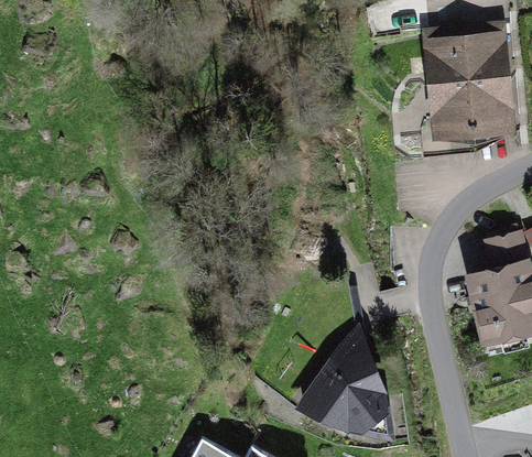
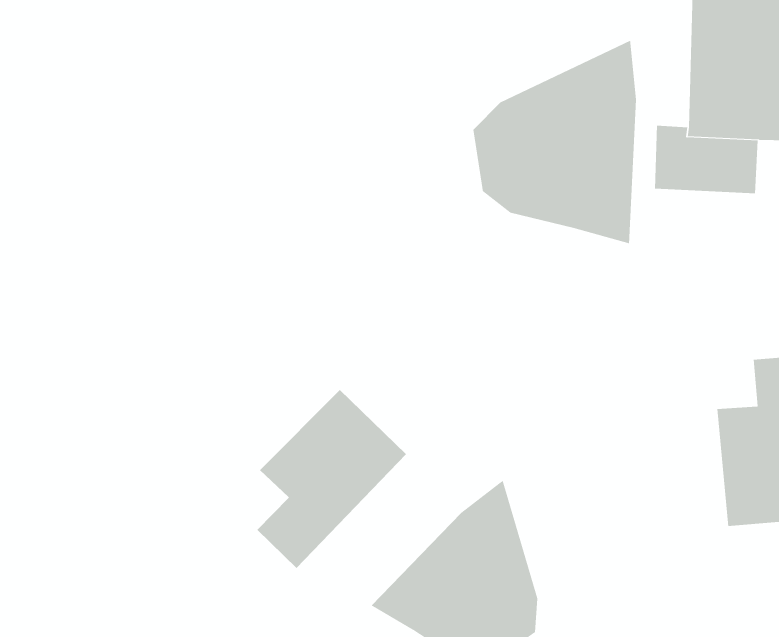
building: none -> [473,40,637,244]
building: none -> [256,389,407,569]

